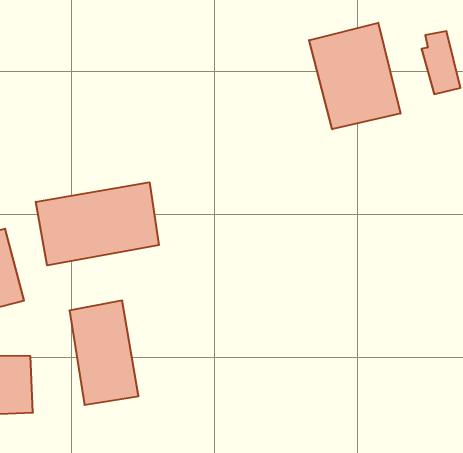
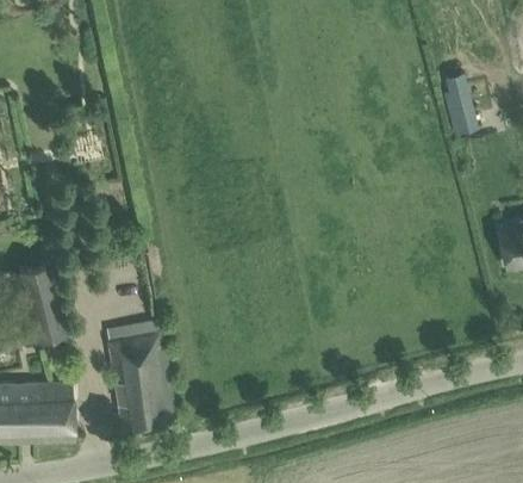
building: [309,23,400,129] -> none
building: [36,182,159,265] -> none

